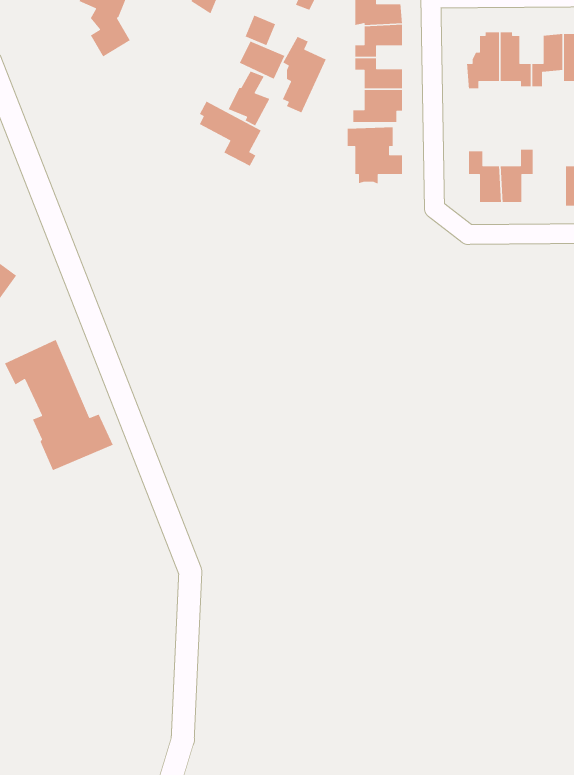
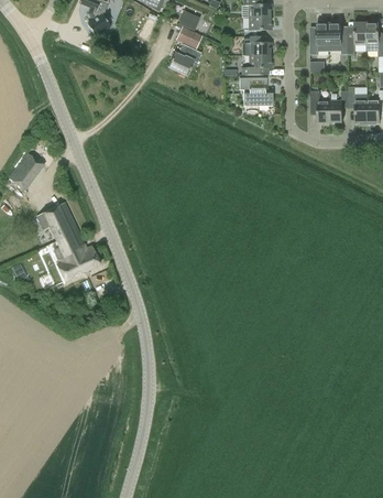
building: [282,36,327,114] -> none
building: [199,100,262,167] -> none
building: none -> [349,89,368,123]

